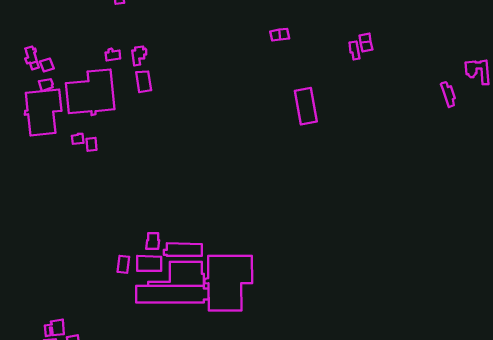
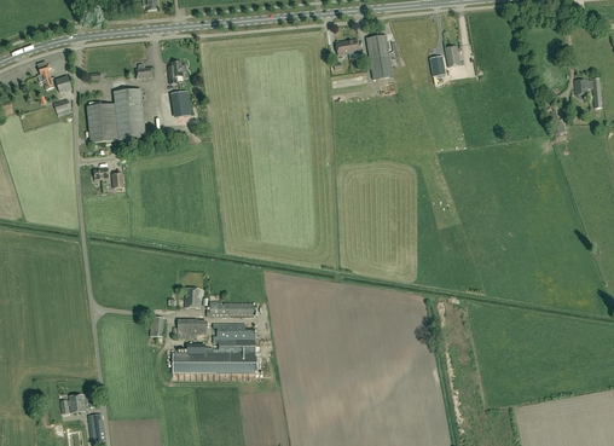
building: [295,88,317,125] -> [366,34,393,79]
building: [25,89,62,135] -> none
building: [204,256,252,310] -> none

